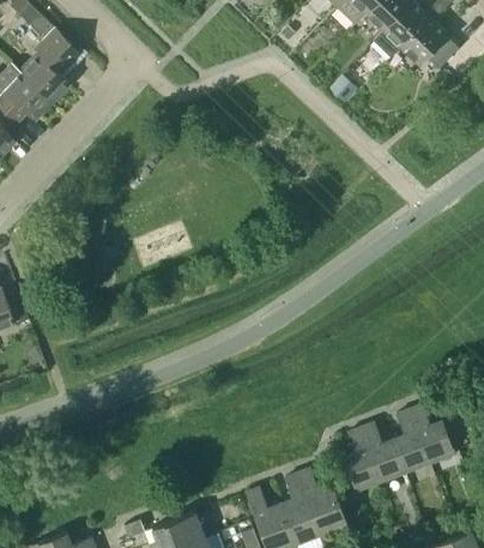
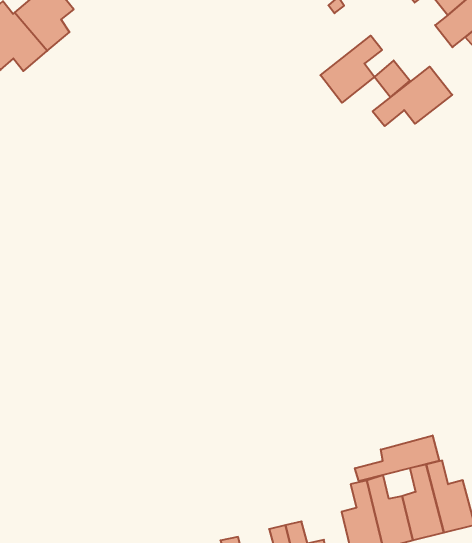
building: none -> [320,36,382,103]
building: none -> [373,67,452,126]
building: none -> [355,435,439,481]

